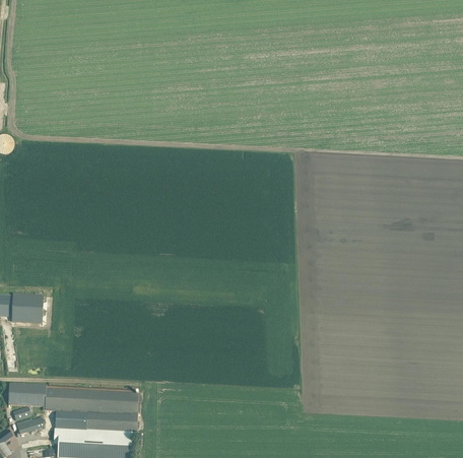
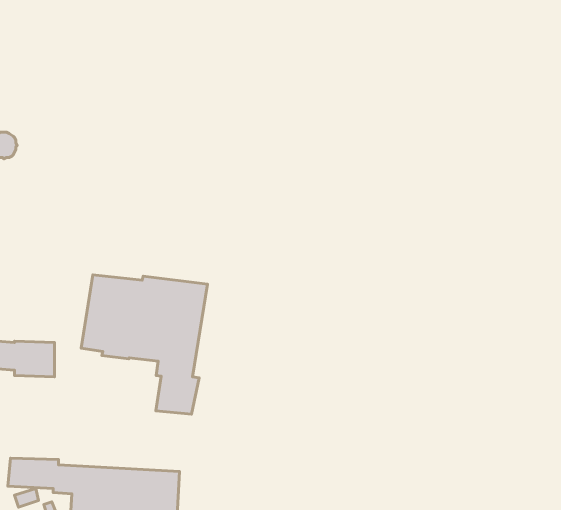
building: none -> [81,275,207,414]

